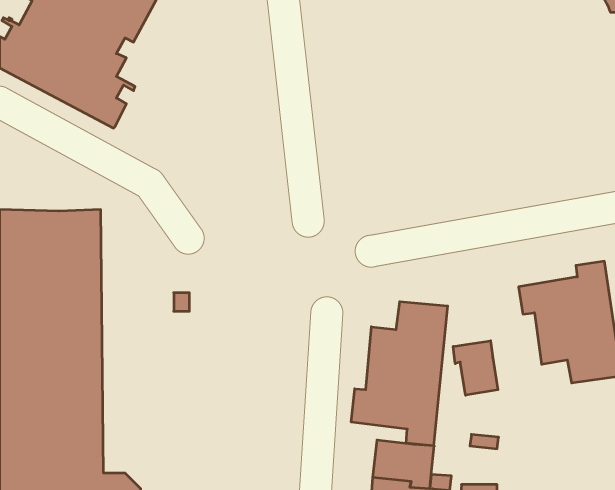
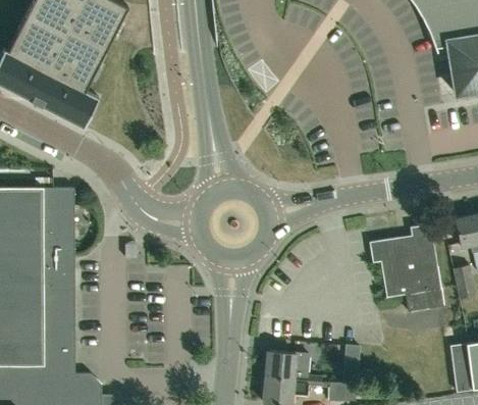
building: [351,302,448,446] -> none
building: [453,341,498,395] -> none

